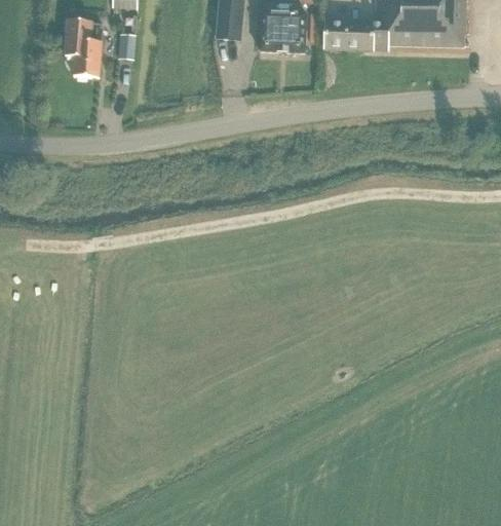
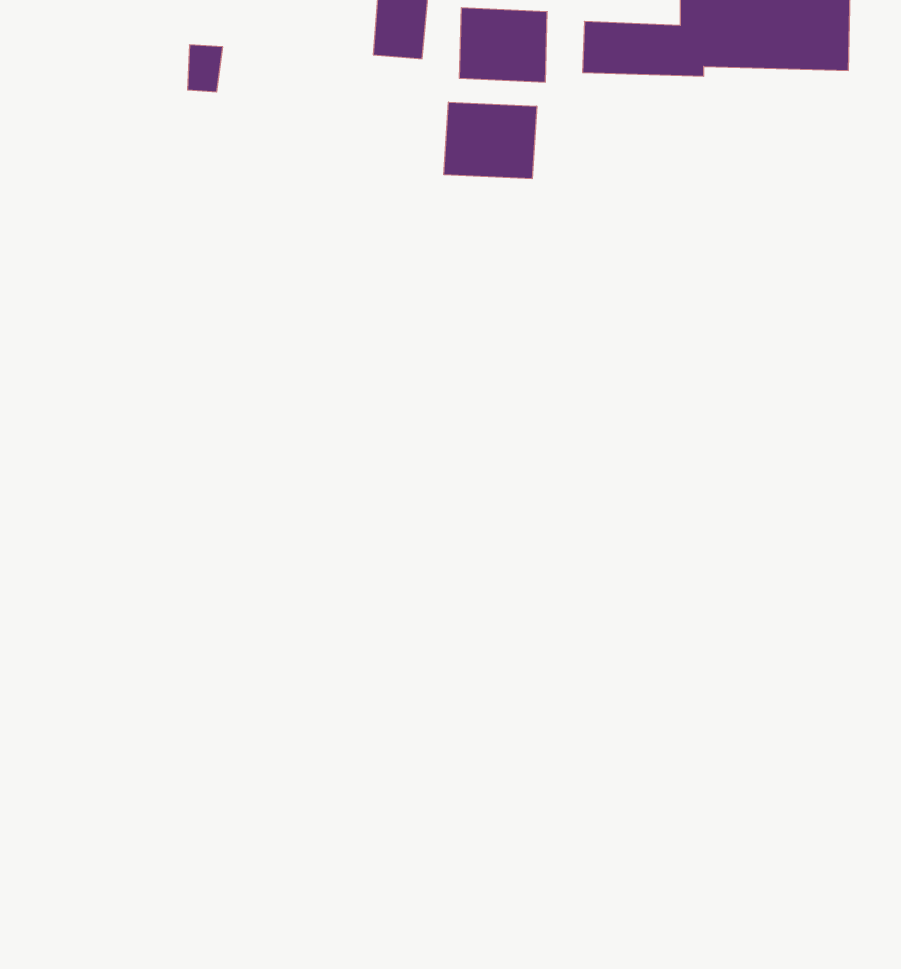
building: [65,20,103,78] -> none
building: none -> [444,102,537,179]

